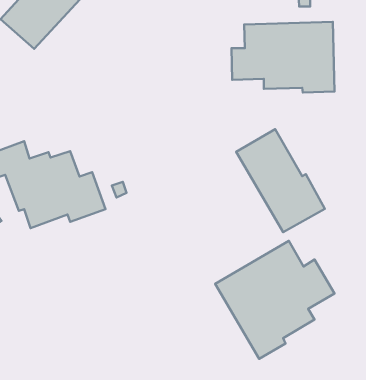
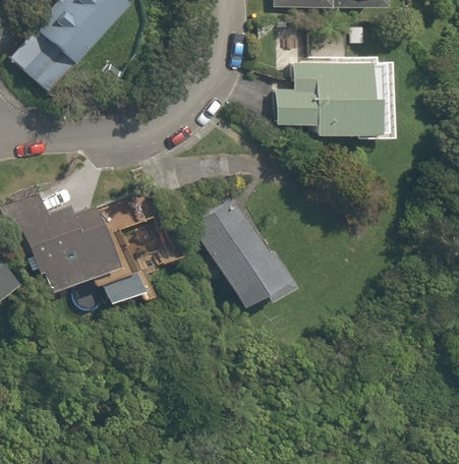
building: [236,129,325,232] -> [191,197,291,313]
building: [215,241,334,359] -> none

